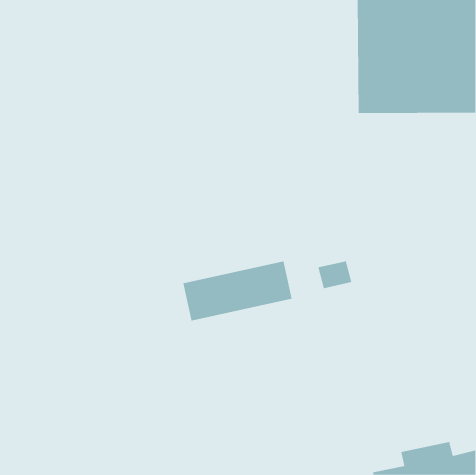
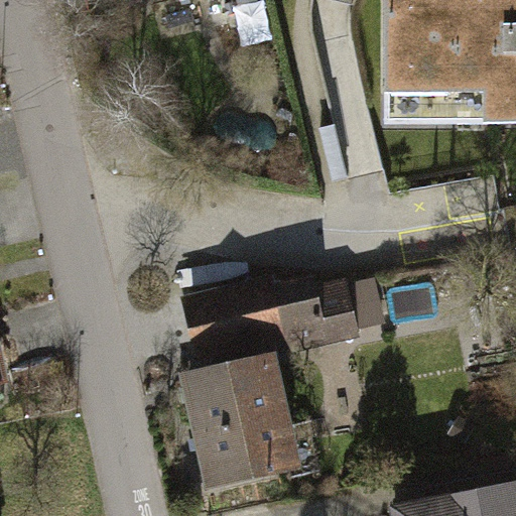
building: none -> [190,362,296,490]

